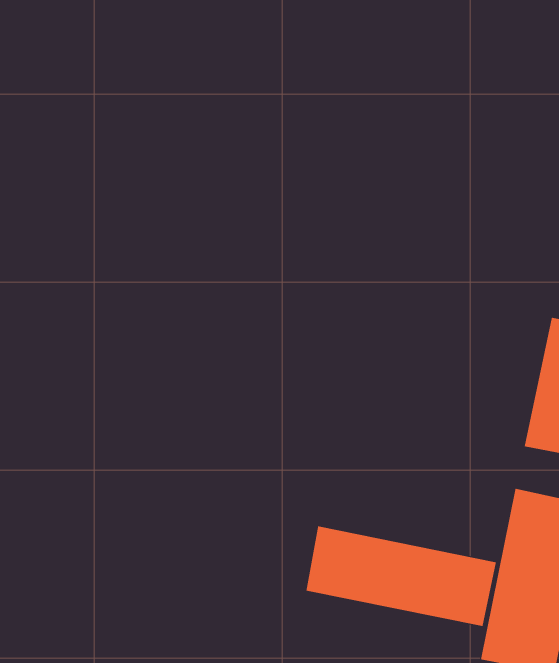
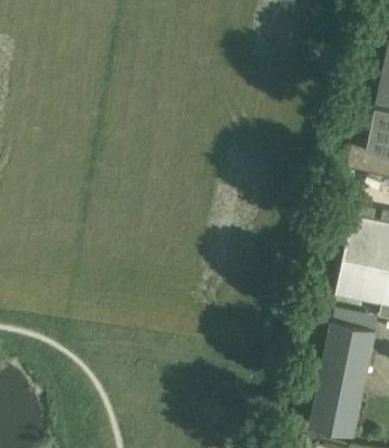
building: [306,526,497,627] -> none

